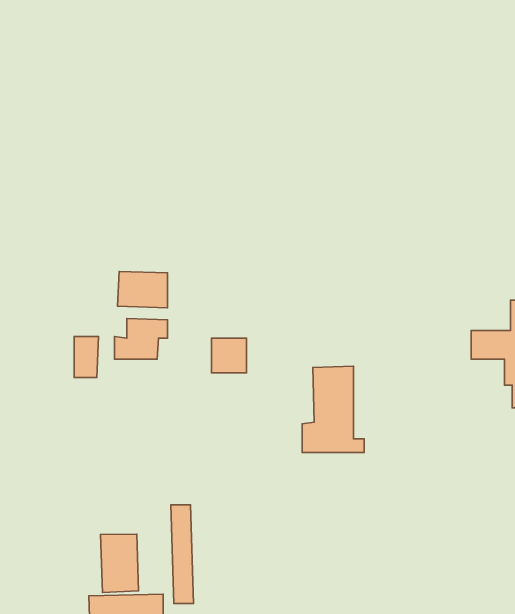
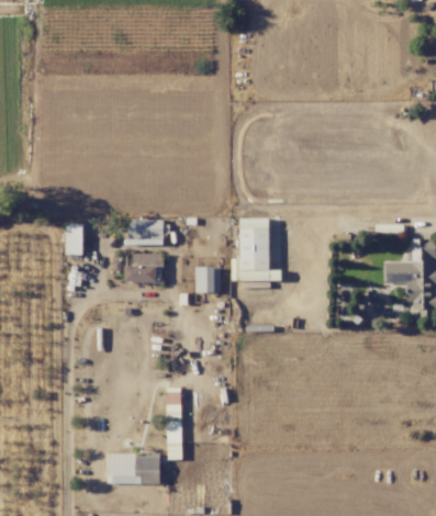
building: [74,336,98,377] -> [66,225,83,255]
building: [302,366,364,453] -> [232,217,277,280]
building: [101,534,139,593] -> none

